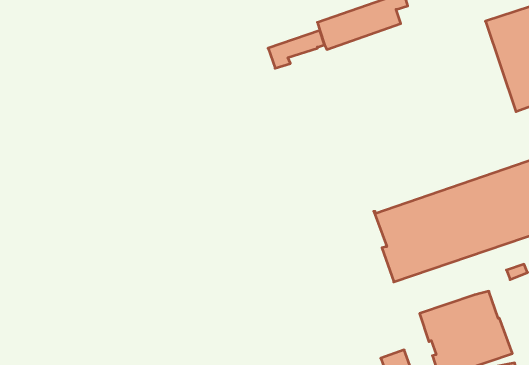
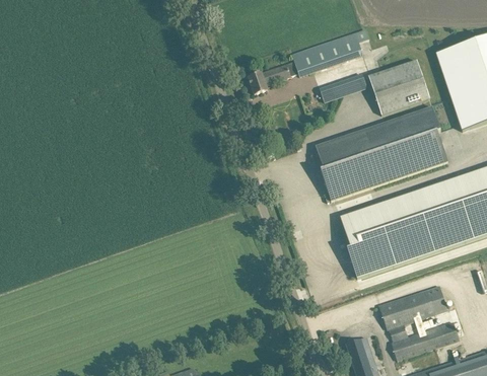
building: none -> [368,59,431,114]
building: none -> [319,71,366,100]
building: none -> [316,106,448,201]

